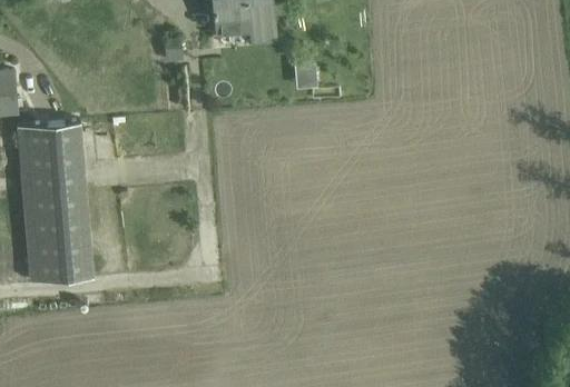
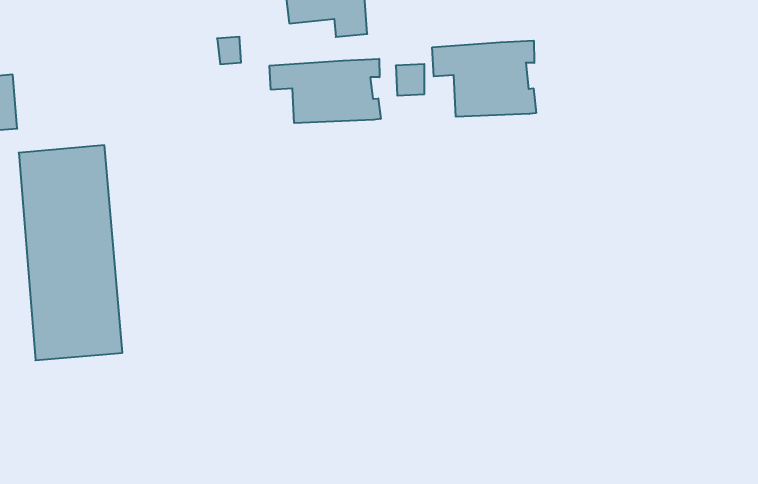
building: none -> [432,41,536,117]
building: none -> [270,59,381,123]

